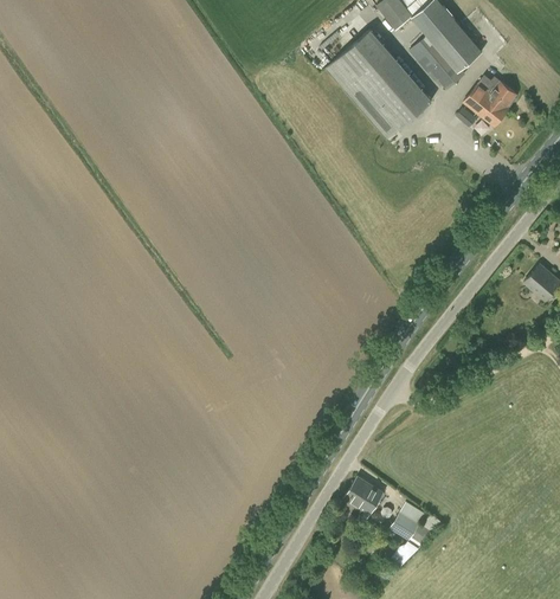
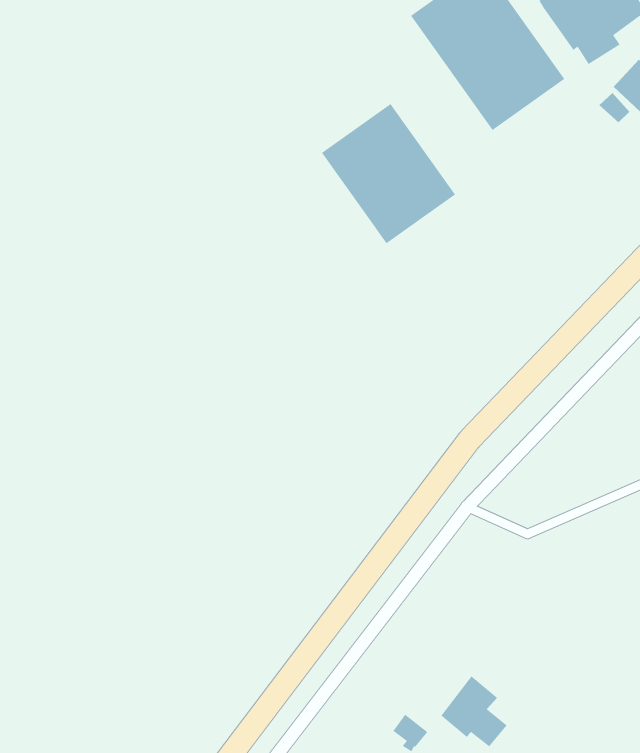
building: none -> [321,103,456,244]
building: [343,476,382,520] -> none

